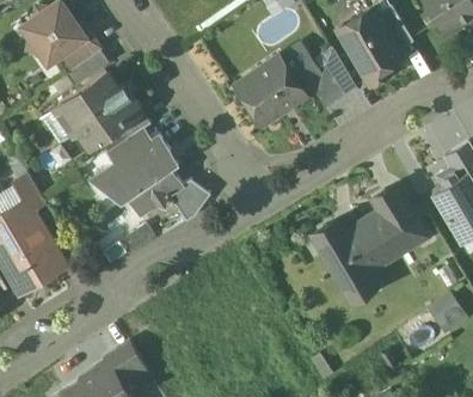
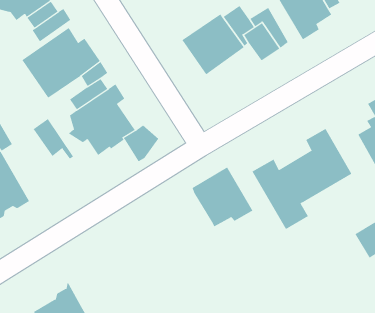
building: none -> [33,118,74,159]
building: none -> [192,166,253,227]
building: [106,344,147,386] -> none

